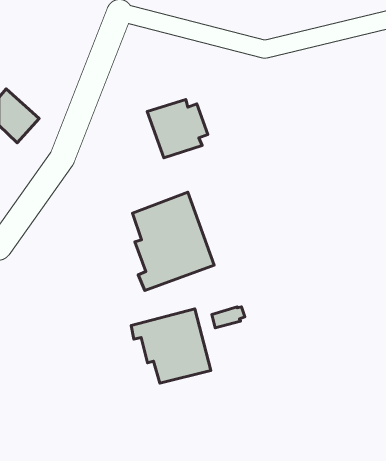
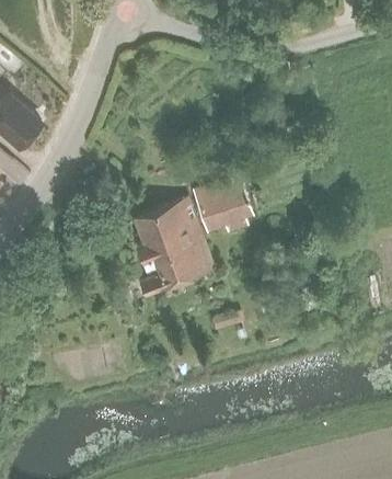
building: [147,99,208,158] -> [193,178,253,236]
building: [131,309,211,383] -> none

